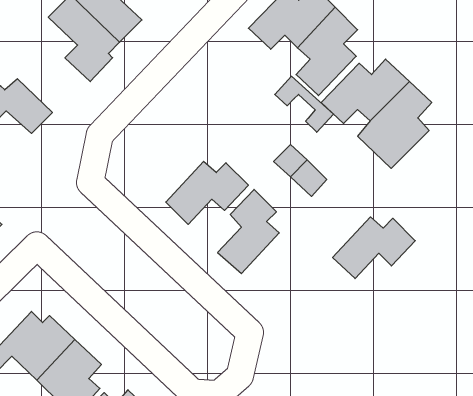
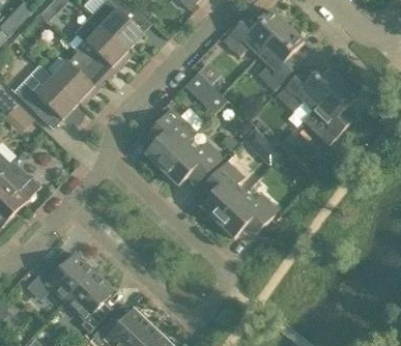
building: none -> [51,61,105,103]
building: [275,76,334,132] -> [182,71,226,113]
building: none -> [144,107,189,169]
building: [333,217,415,279] -> [217,192,278,237]

